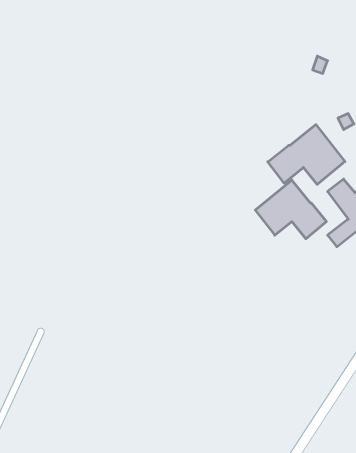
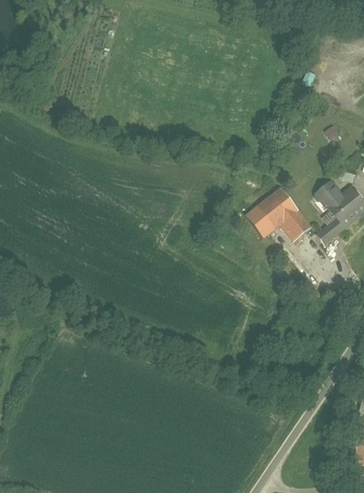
building: [268,125,345,184] -> none

